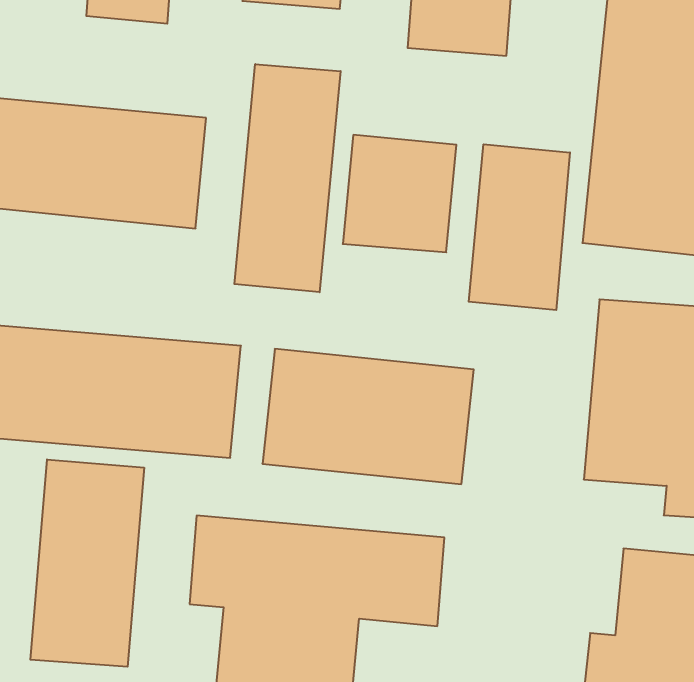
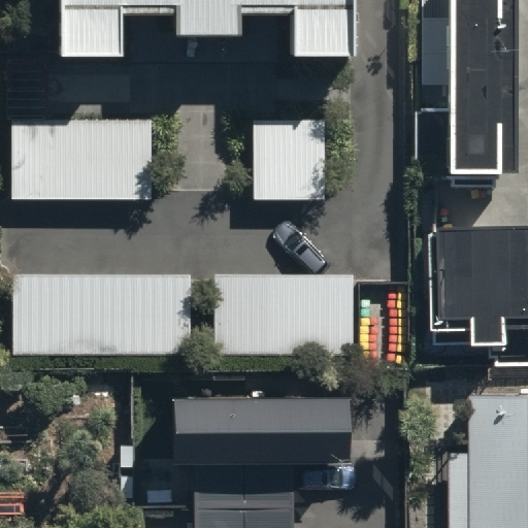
building: [234,64,341,292] -> none
building: [469,144,570,310] -> none
building: [30,459,144,667] -> none

